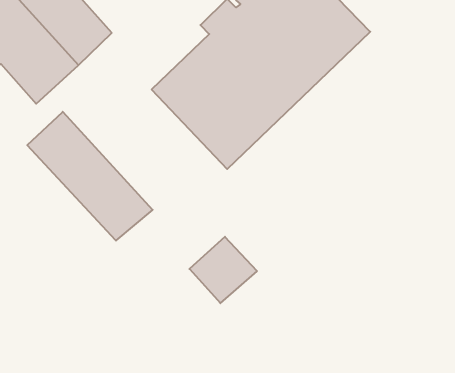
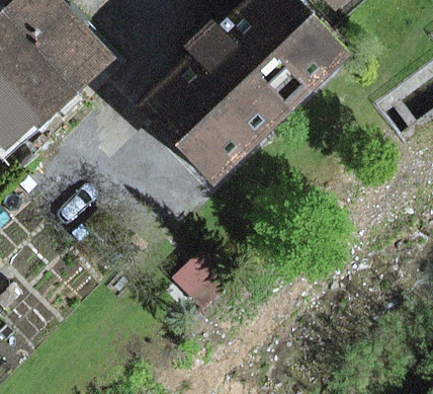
building: [27,112,153,241] -> none

